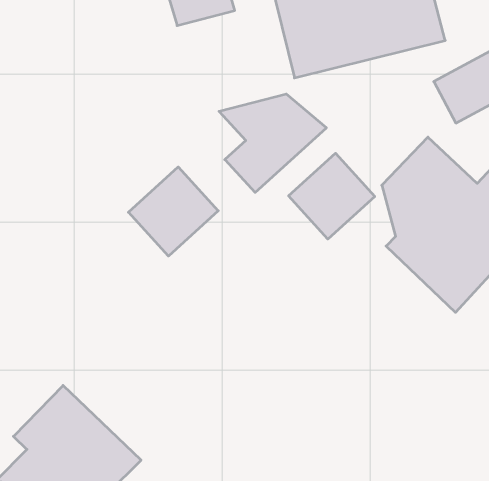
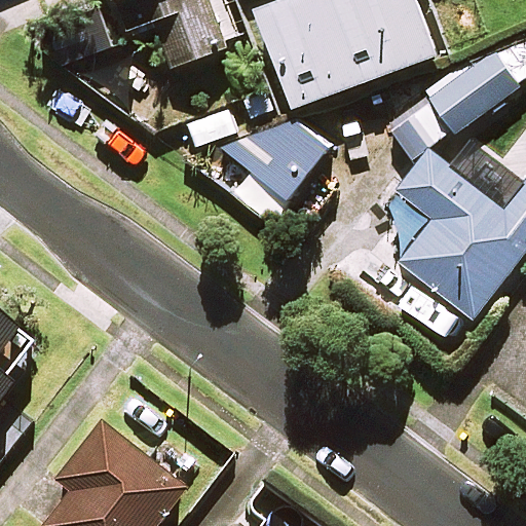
building: [289,153,375,239] -> none
building: [128,167,218,256] -> none

